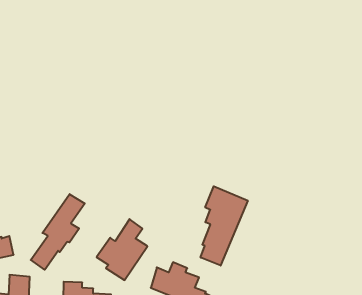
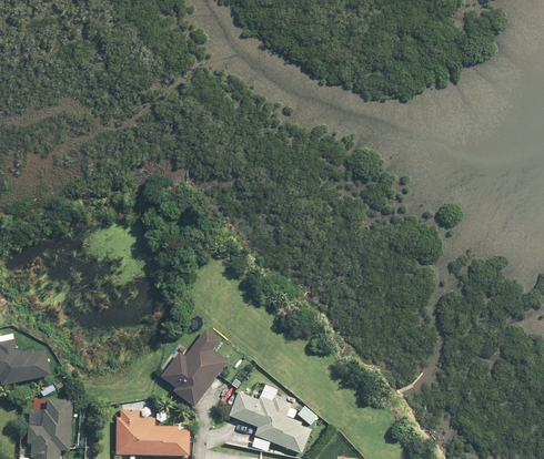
building: [201,186,248,266] -> none
building: [31,194,85,270] -> none

